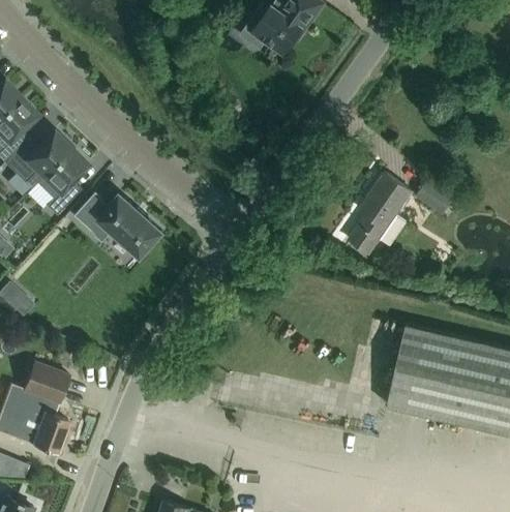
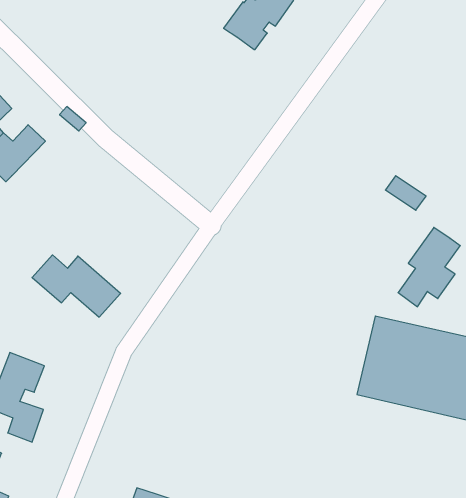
building: [36,148,87,215] -> none
building: [349,174,412,254] -> [398,227,460,307]
building: [72,193,162,257] -> [32,255,121,317]

